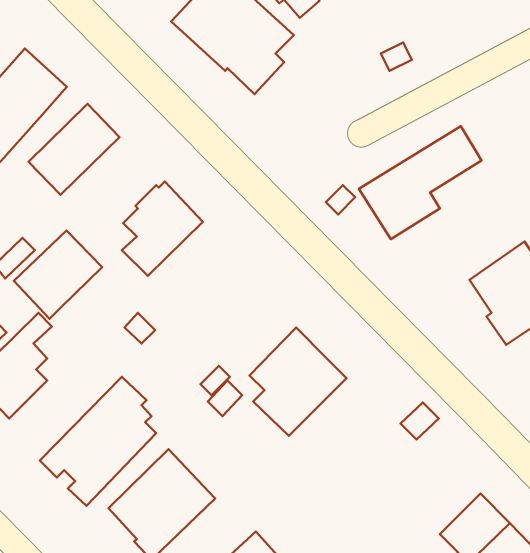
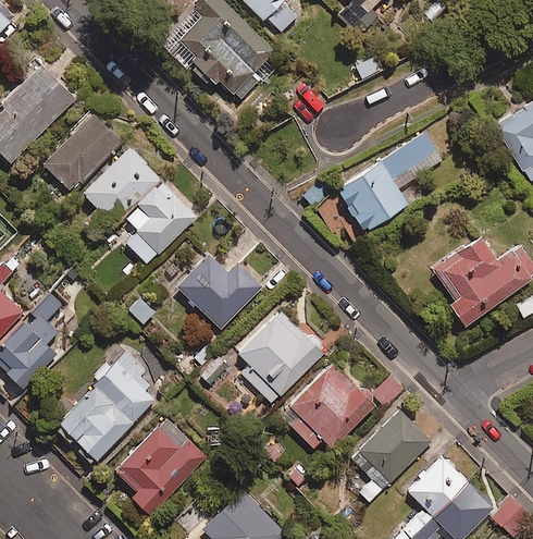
building: [14,230,102,319] -> [80,145,159,223]
building: none -> [175,253,265,330]
building: none -> [278,362,375,449]
building: none -> [351,408,432,498]

